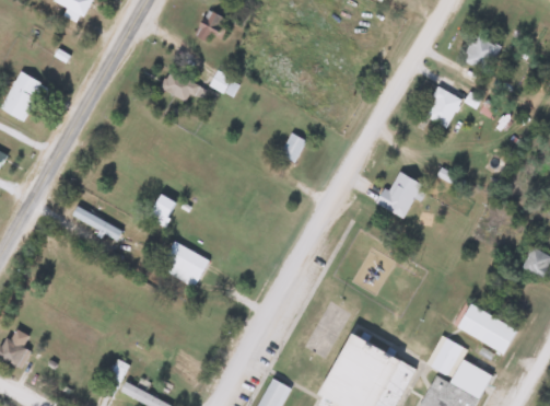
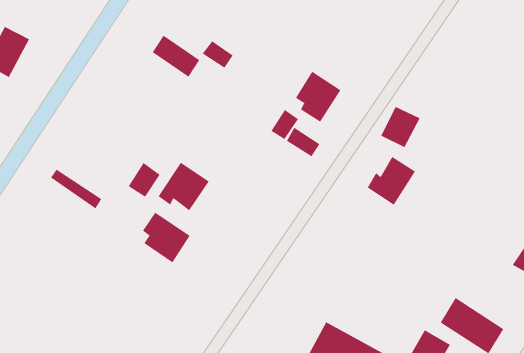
building: [464,34,501,72] -> none
building: [425,88,463,127] -> [381,106,421,148]
building: none -> [295,71,341,123]
building: none -> [286,127,320,157]
building: none -> [158,162,209,211]

